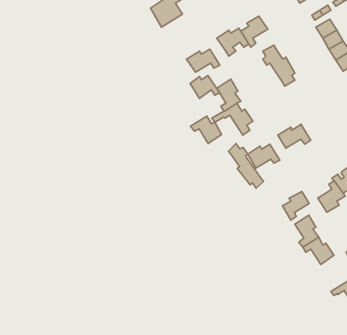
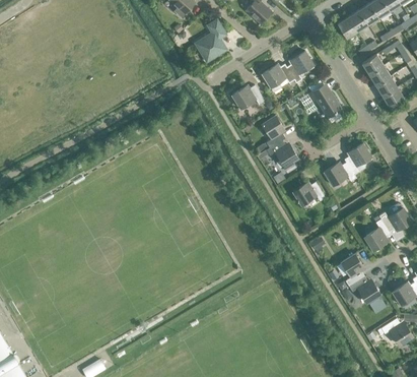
building: [190,75,220,99] -> none
building: none -> [344,144,371,175]
building: [191,116,222,143] -> none
building: [229,144,263,188] -> none
building: [283,191,309,220] -> none

